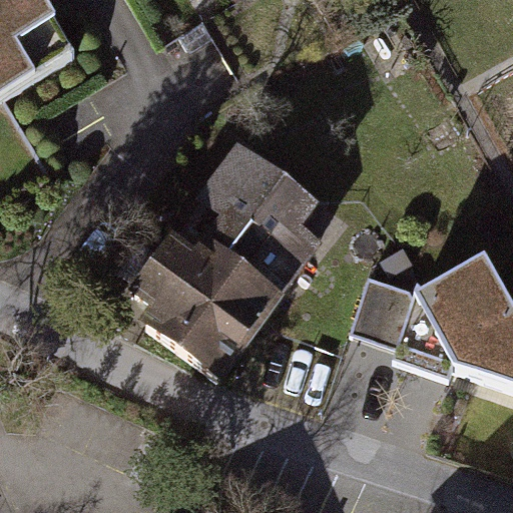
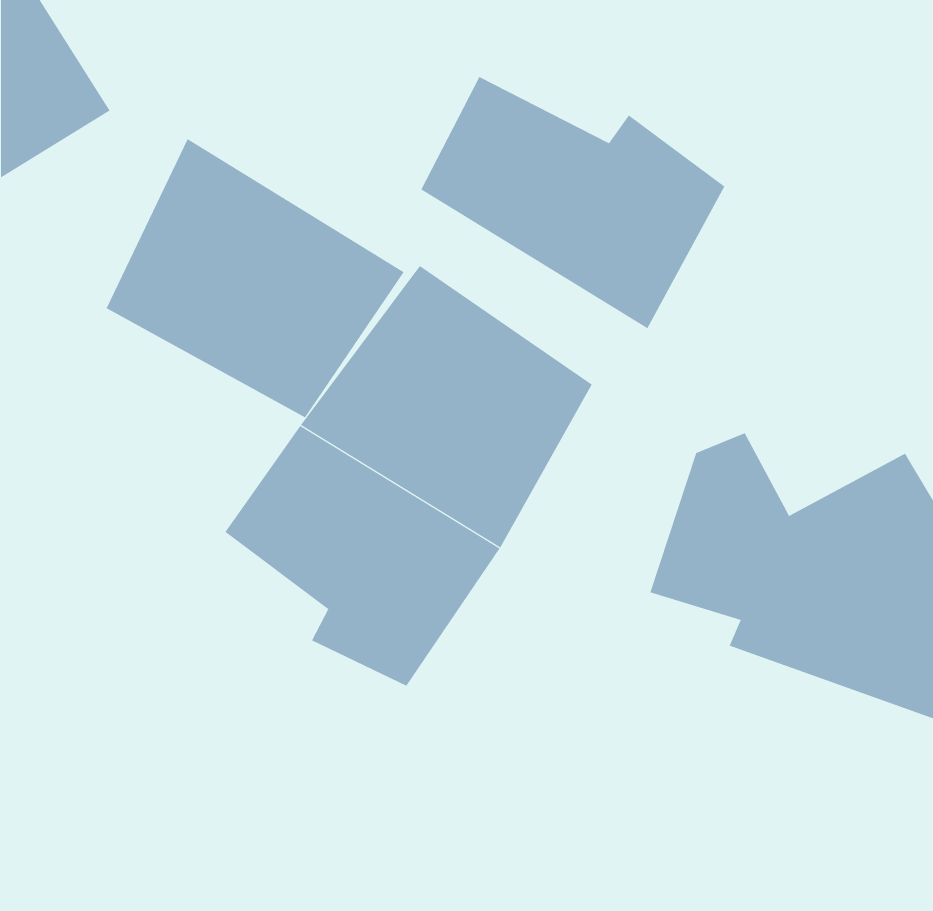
building: none -> [420,76,725,329]
building: none -> [106,138,405,418]

